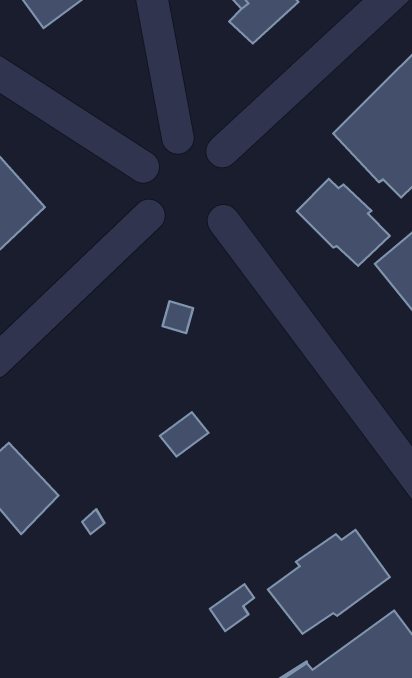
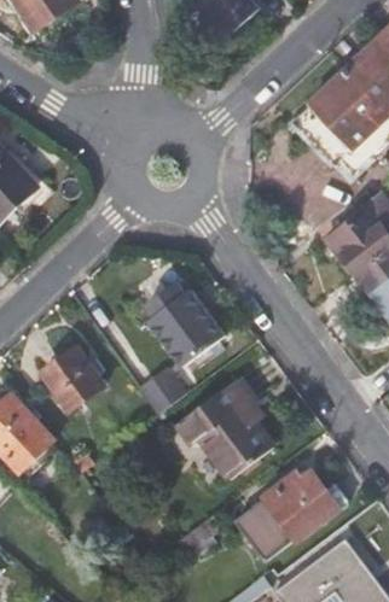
building: [297,179,390,266] -> none
building: none -> [147,288,223,368]
building: none -> [40,346,104,411]
building: none -> [175,379,274,479]

